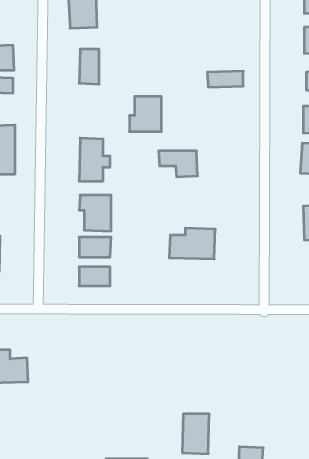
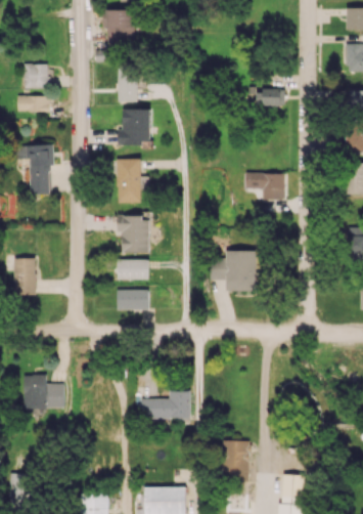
building: [129,97,161,132] -> [118,110,150,145]
building: [159,151,198,177] -> [244,174,284,201]
building: none -> [141,391,190,420]

